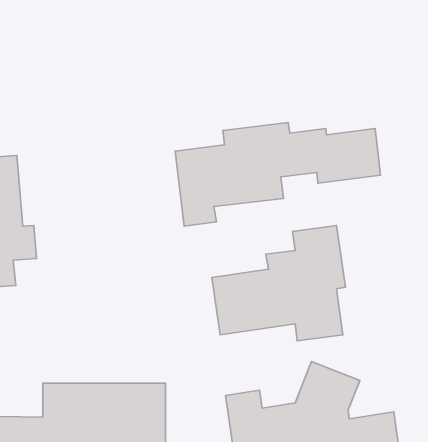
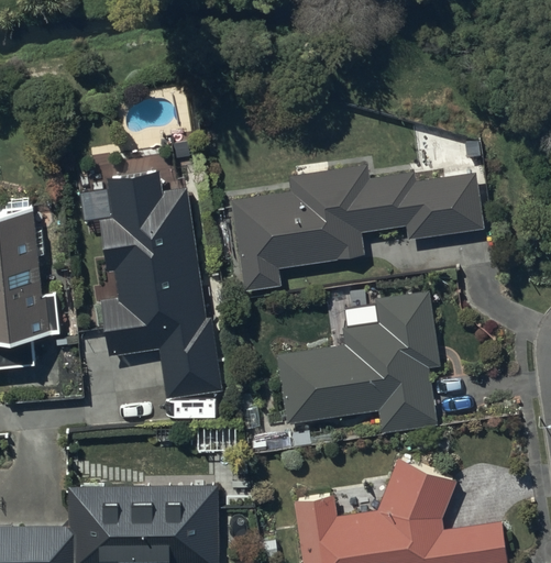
building: none -> [78,152,222,399]

